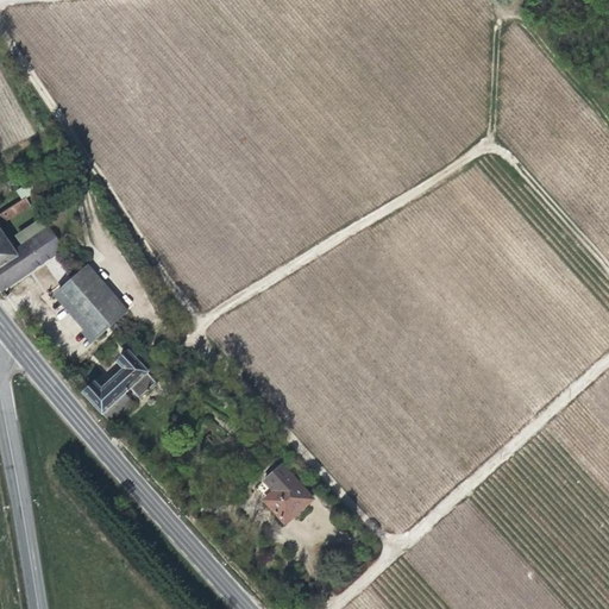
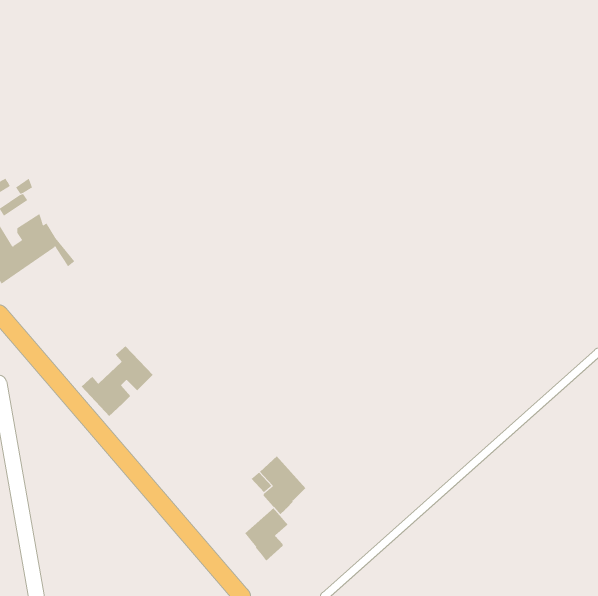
building: [56,264,126,337] -> none
building: none -> [245,508,288,561]

